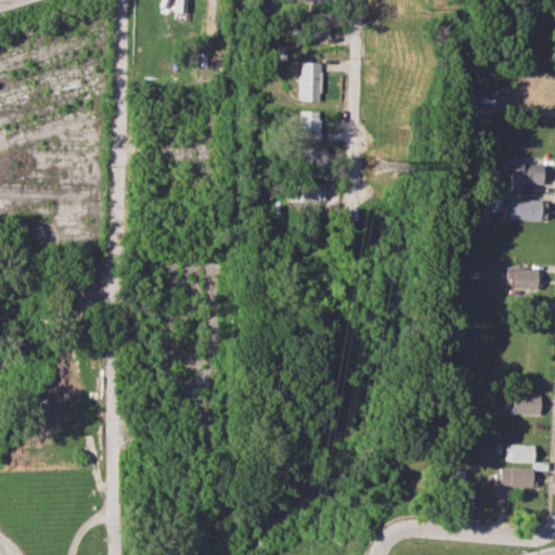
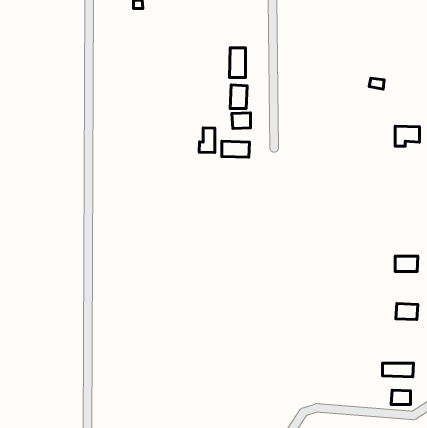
building: none -> [199,128,215,153]
building: [508,201,548,221] -> none
building: [511,270,540,289] -> [395,256,418,271]
building: [511,444,535,463] -> [391,390,411,404]

